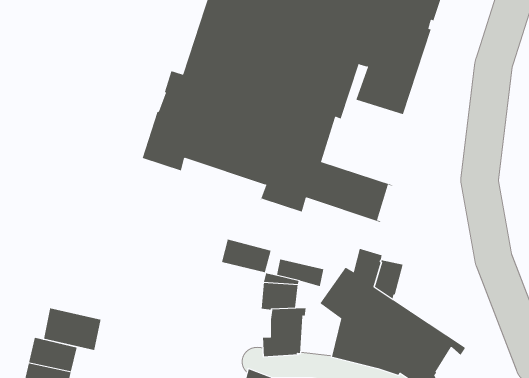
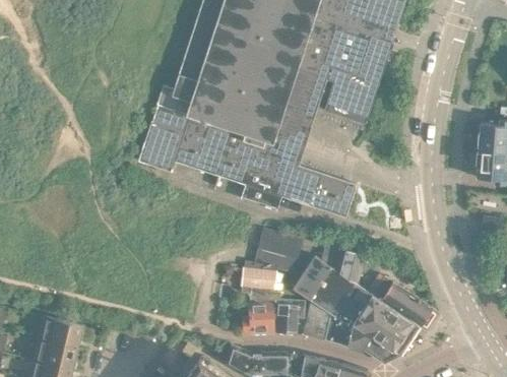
building: [221,239,271,273] -> [258,229,302,258]
building: none -> [372,276,439,331]
building: [43,308,101,351] -> none
building: none -> [276,299,305,333]

